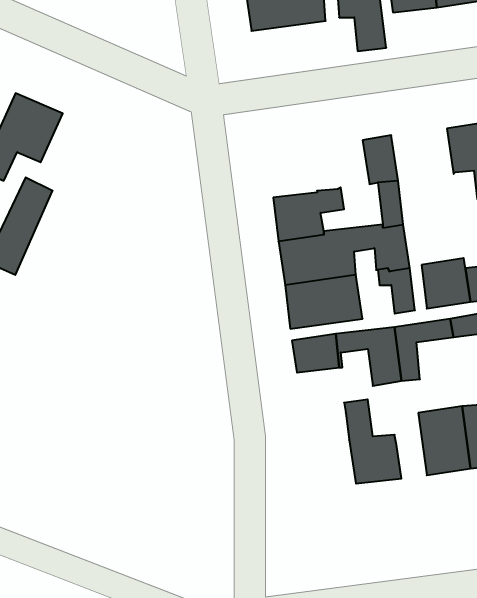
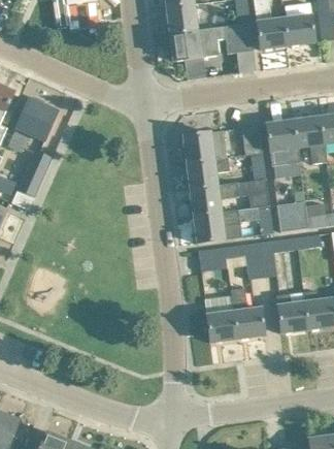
building: none -> [266,121,300,166]
building: none -> [182,130,226,163]
building: none -> [206,312,237,343]

